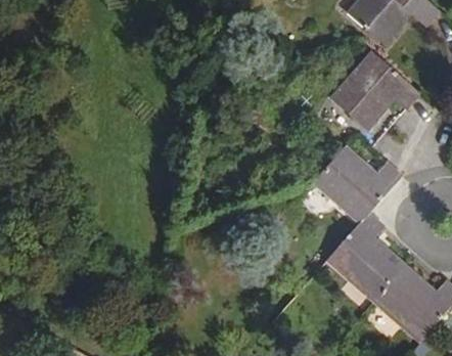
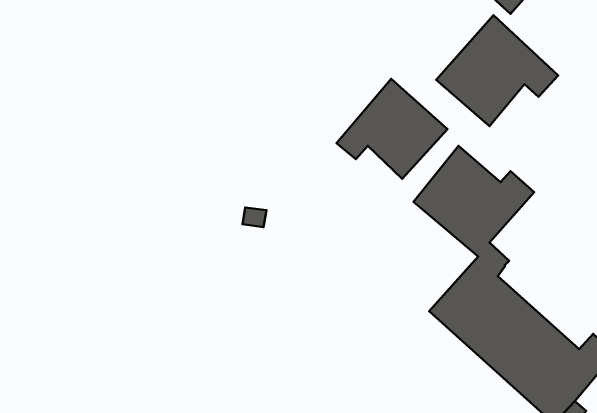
building: none -> [337,79,448,179]

